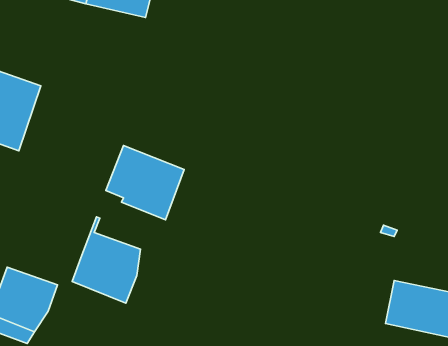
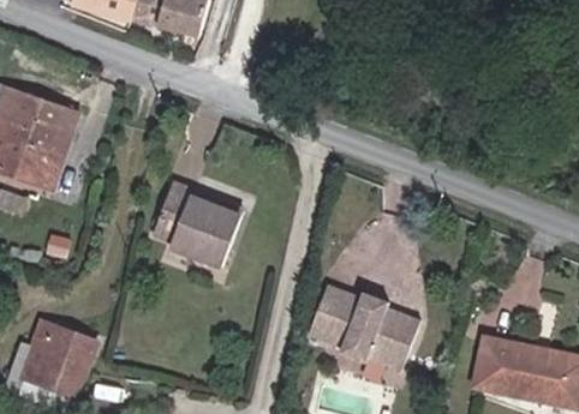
building: [72,217,141,303] -> none
building: none -> [308,284,420,371]

